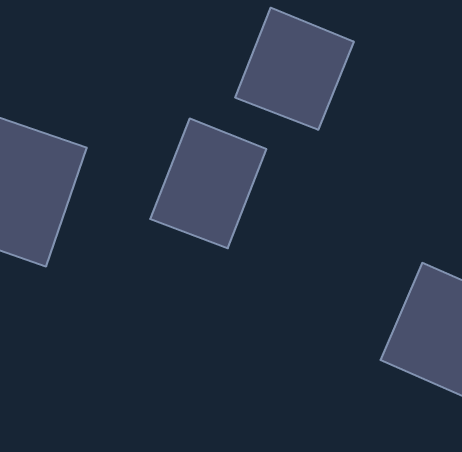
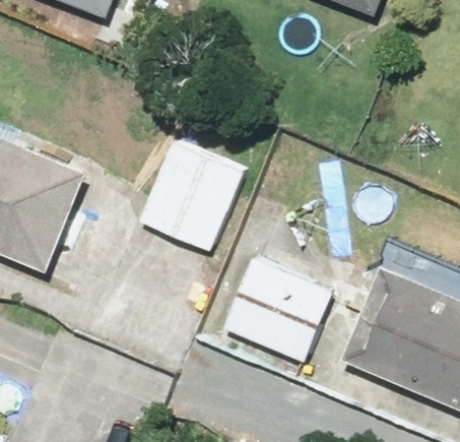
building: [235,8,354,130] -> none
building: none -> [219,253,346,368]

